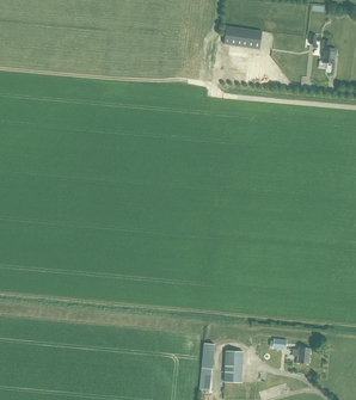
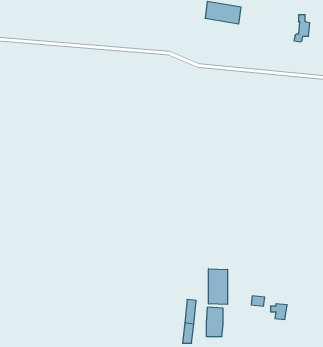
building: none -> [209,269,228,304]

